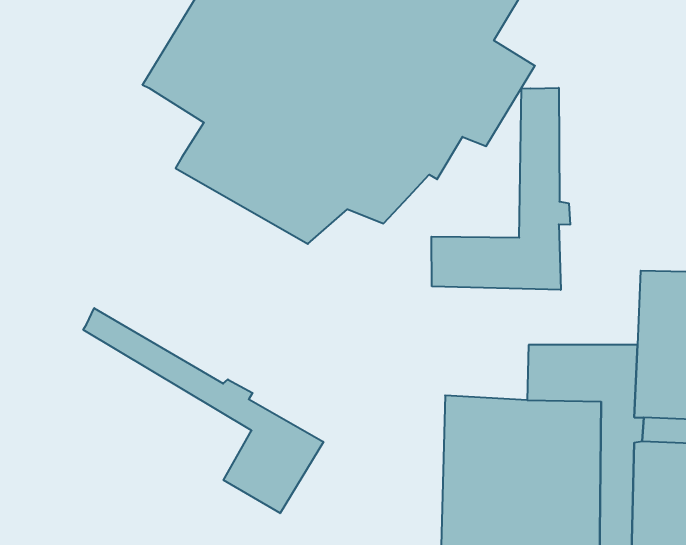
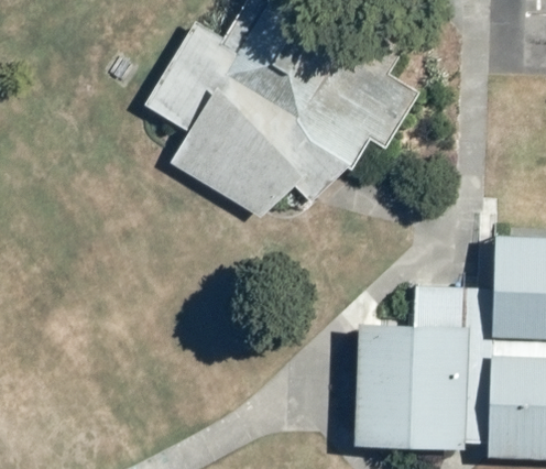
building: [431,88,570,290] -> none
building: [83,308,323,513] -> none

